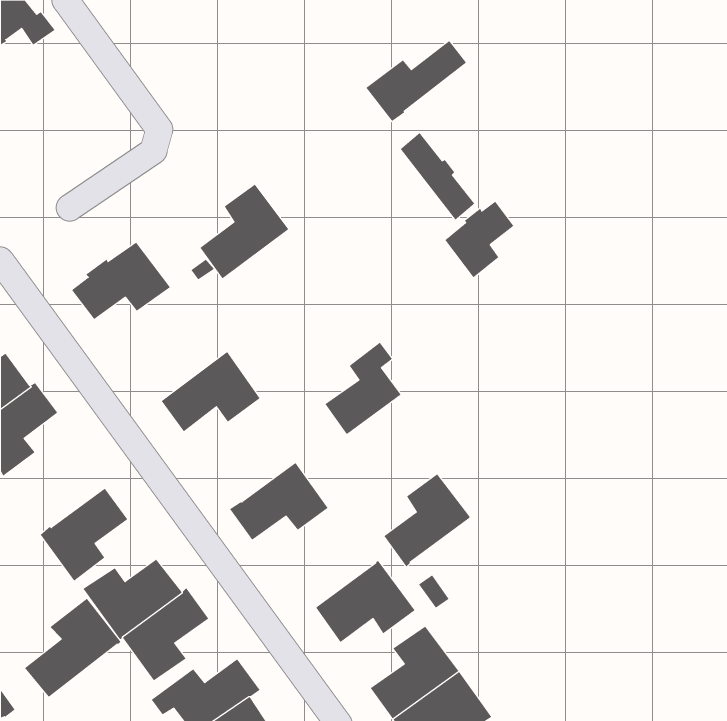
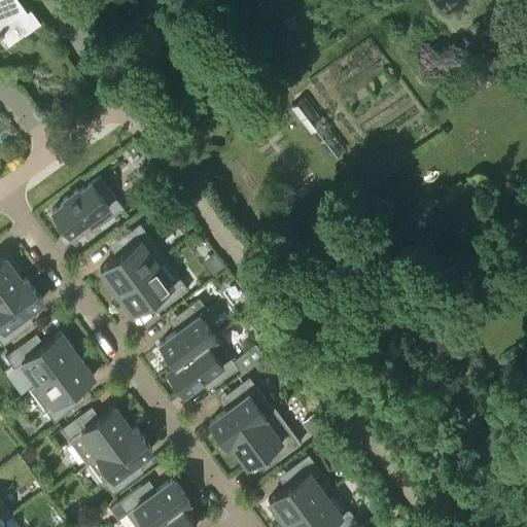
building: [365,40,467,122] -> none
building: [200,184,289,279] -> [100,225,165,294]
building: [444,201,514,278] -> none
building: [325,342,401,434] -> [159,301,214,367]
building: none -> [12,335,76,386]
building: [384,474,470,568] -> [209,380,272,448]
building: [24,598,121,697] -> none

